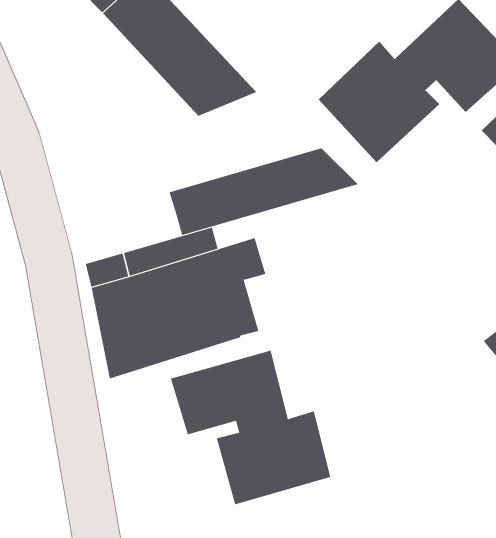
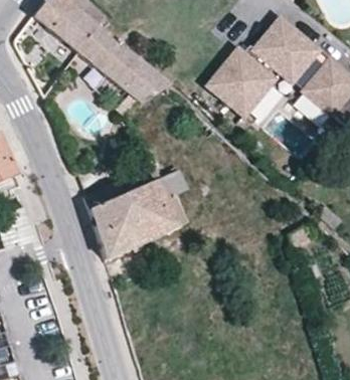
building: [169,147,359,236] -> none
building: [170,350,331,505] -> none

